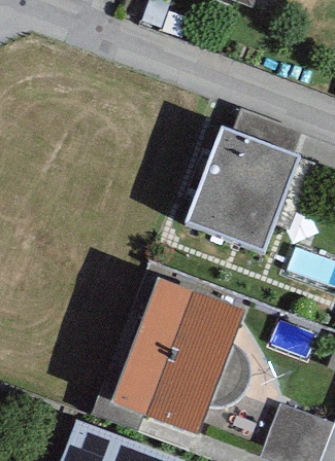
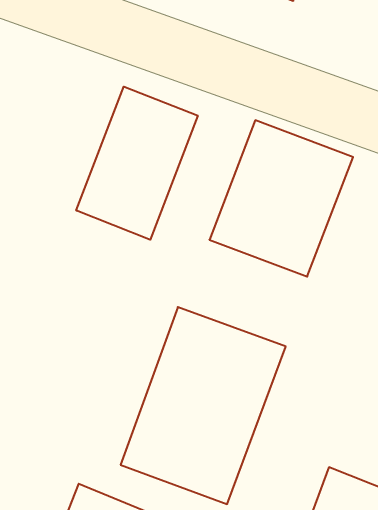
building: none -> [76,87,198,240]

